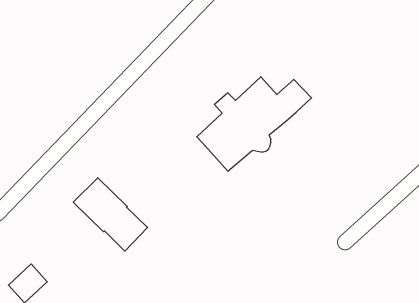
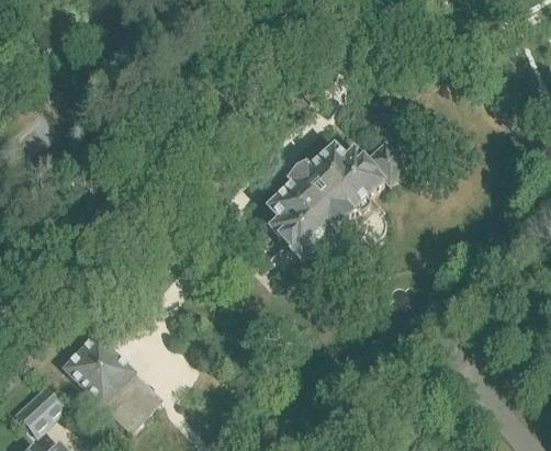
building: [73,178,148,251] -> [63,334,159,429]

